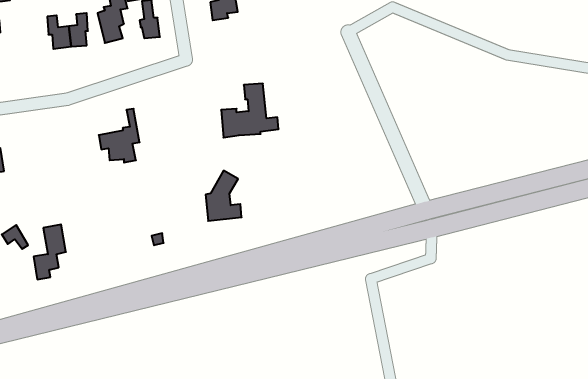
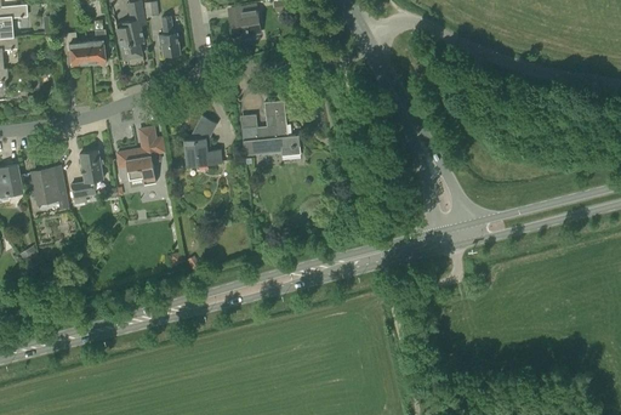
building: none -> [30,169,68,208]
building: [206,171,242,221] -> [184,115,221,166]
building: [34,224,66,279] -> [70,150,103,206]

